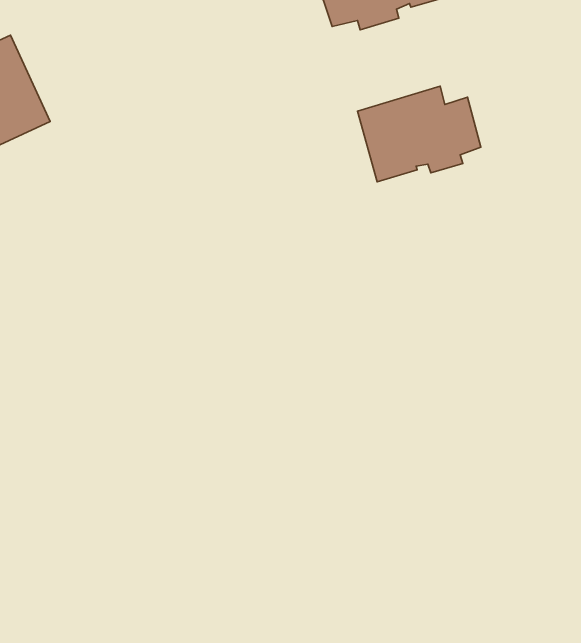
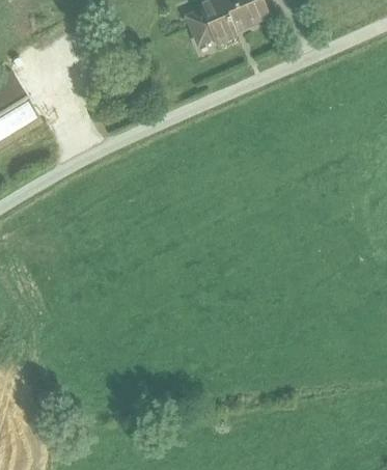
building: [357,86,481,182] -> none

